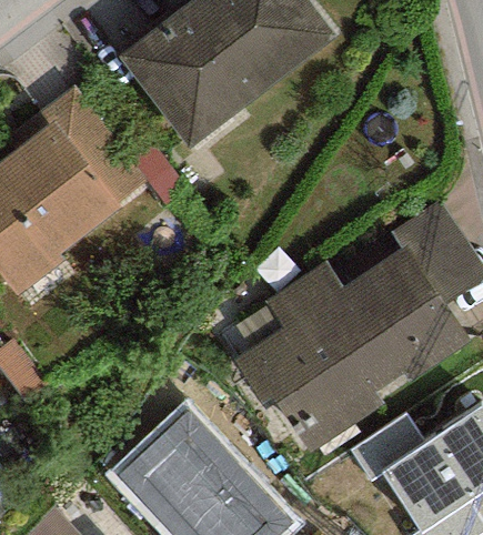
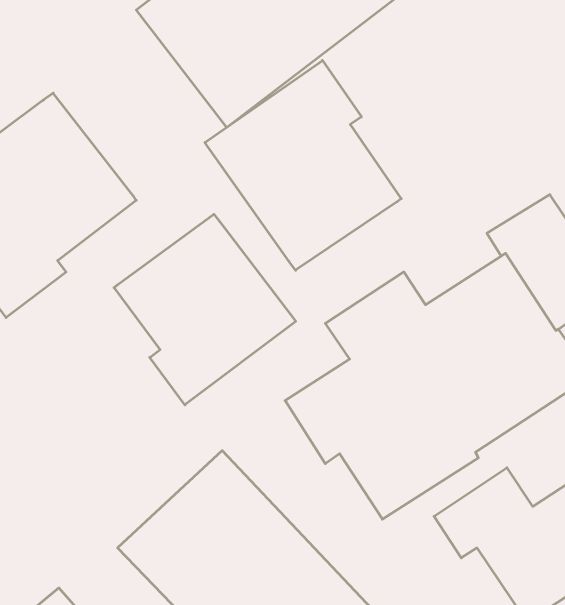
building: [34,82,148,202] -> none
building: none -> [205,60,401,270]
building: none -> [114,214,296,405]

